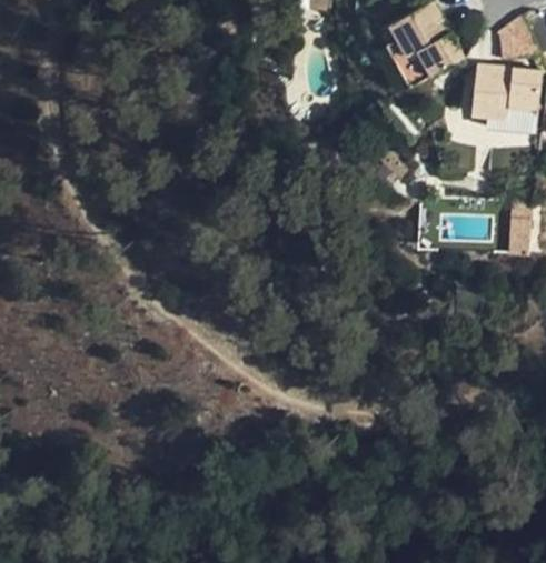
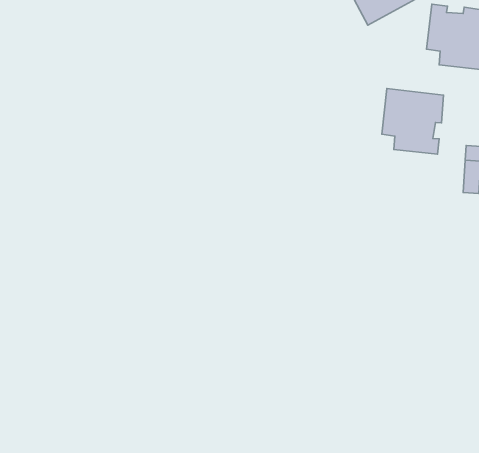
building: none -> [382,89,444,154]

